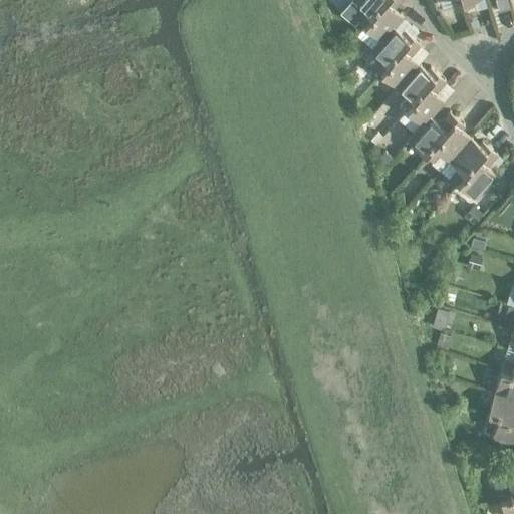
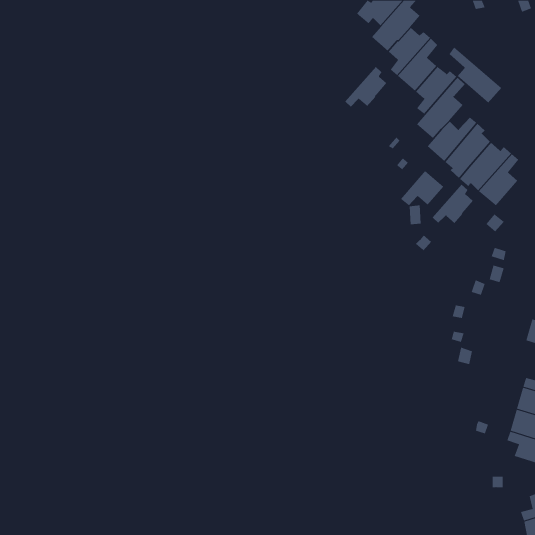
building: none -> [449,47,502,104]
building: none -> [344,66,387,107]
building: none -> [400,170,444,206]
building: none -> [432,184,473,224]

